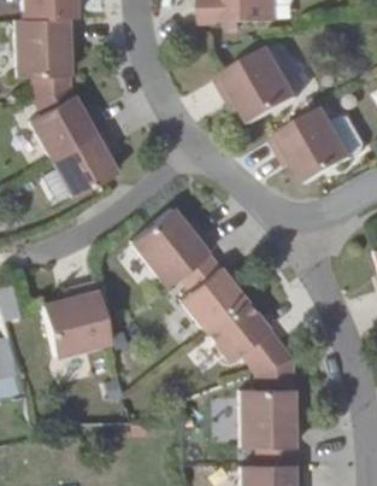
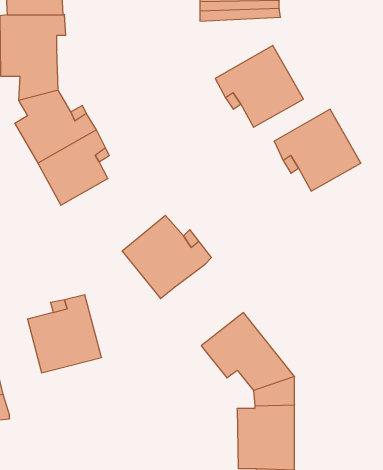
building: [178,253,245,330] -> none

